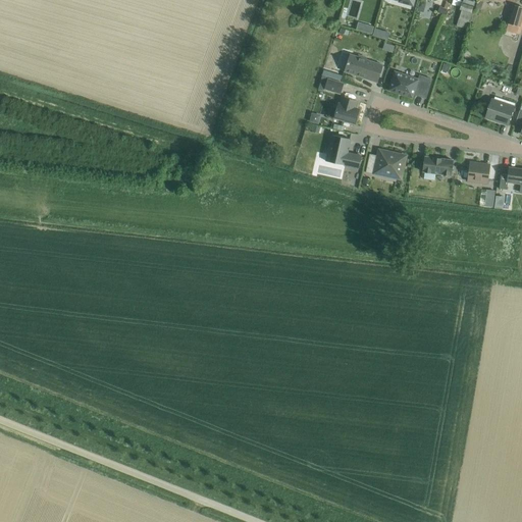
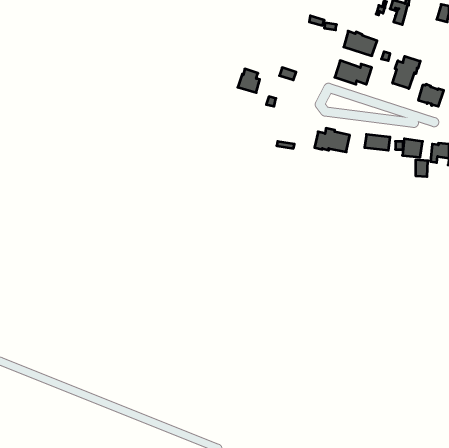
building: [345,53,383,82] -> [344,31,377,56]
building: none -> [393,56,420,89]
building: [333,96,359,123] -> [238,69,260,93]
building: [326,135,362,168] -> none

